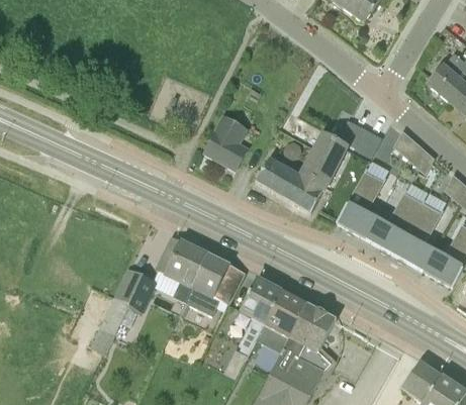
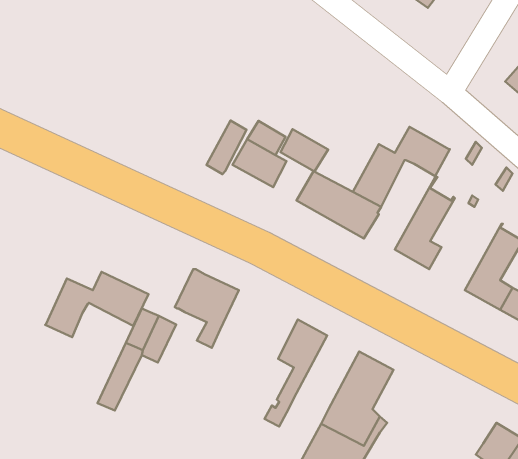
building: none -> [206,121,247,174]
building: none -> [280,129,328,172]
building: [365,189,425,254] -> none
building: none -> [45,272,149,337]
building: [180,254,246,316] -> none
building: [256,291,307,351] -> none

